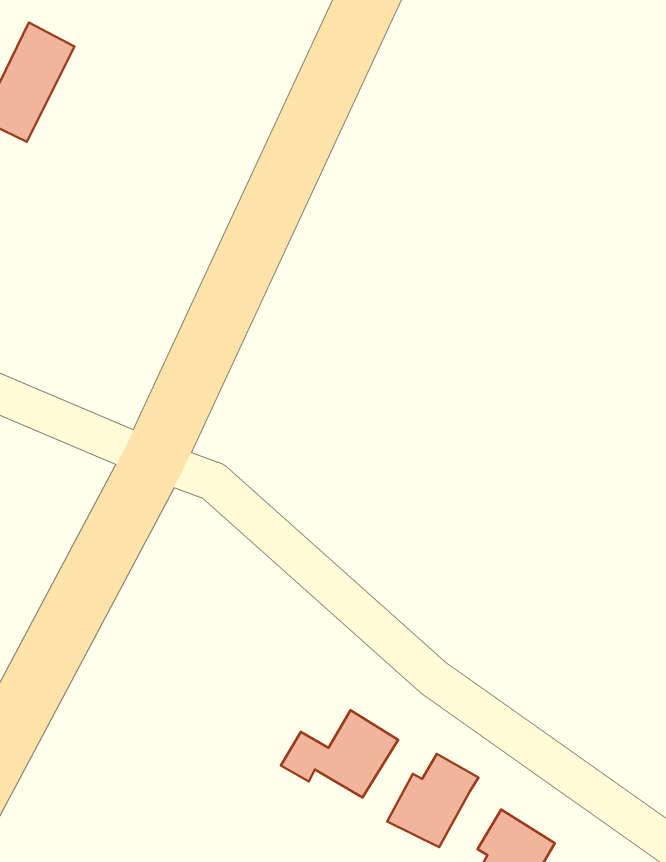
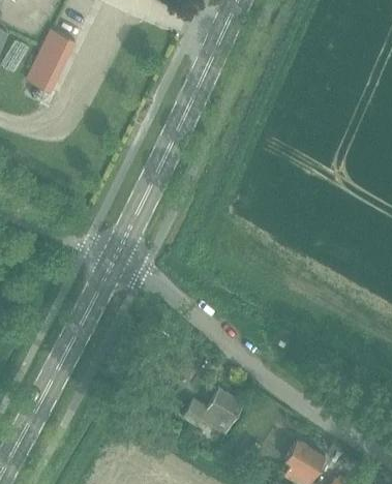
building: [387,754,478,847] -> none

